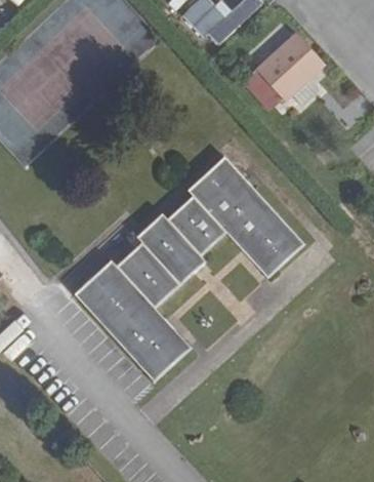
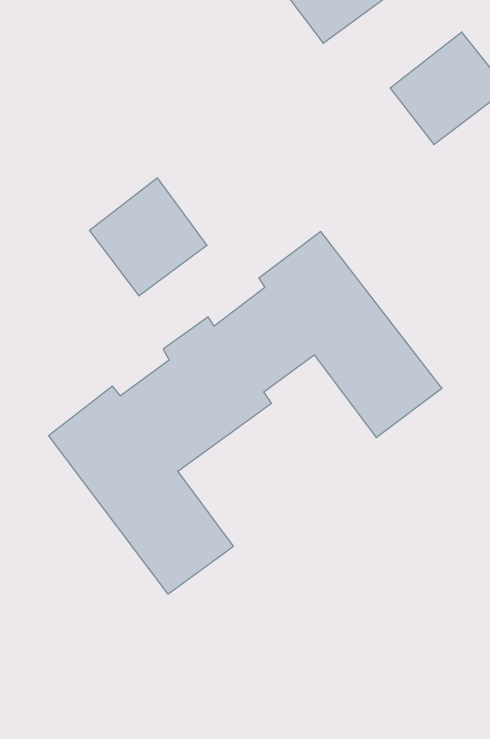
building: none -> [89,178,207,296]

